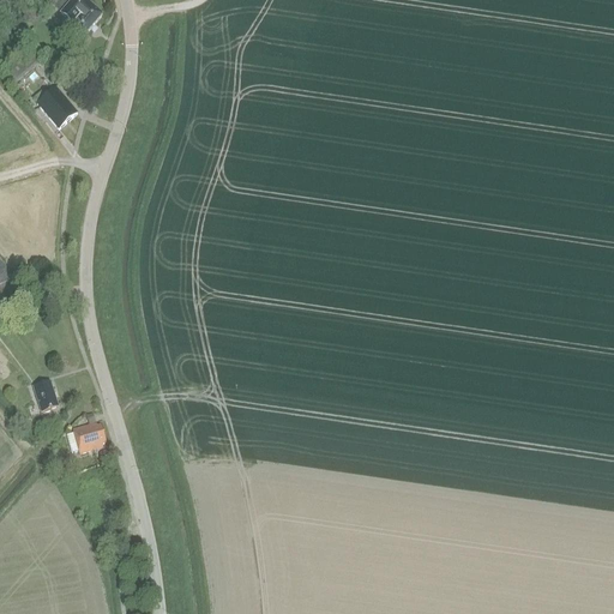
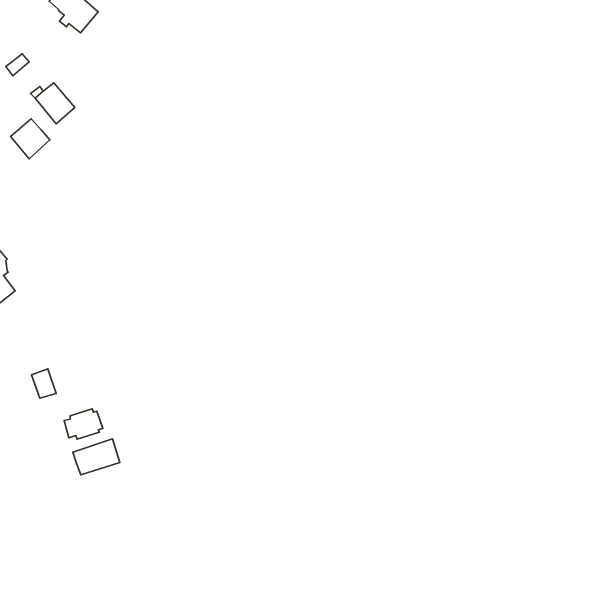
building: none -> [10,119,50,159]
building: none -> [73,439,120,475]

